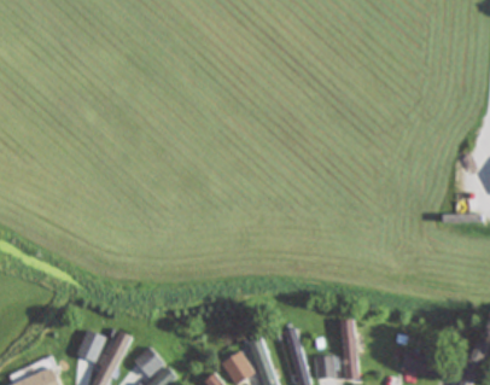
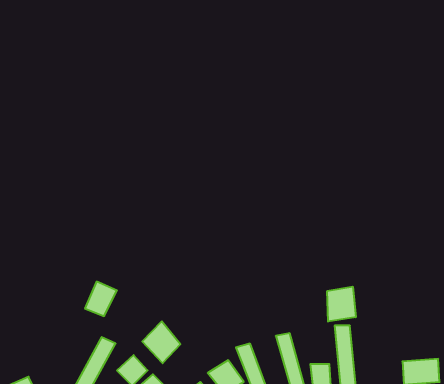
building: none -> [327,287,356,322]
building: none -> [142,321,180,363]
building: [77,329,107,362] -> [85,282,117,316]

